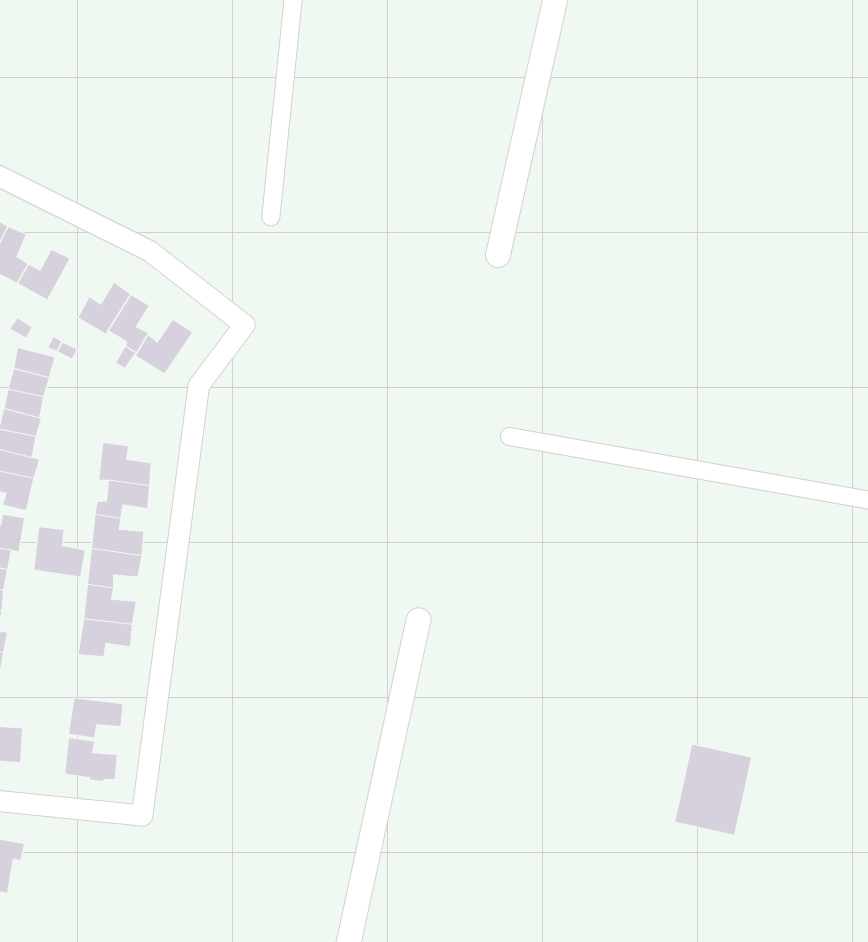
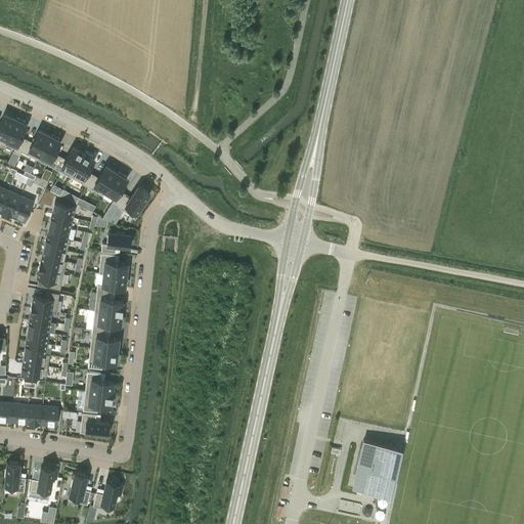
building: none -> [71,154,93,185]
building: none -> [101,231,131,253]
building: [34,527,85,577] -> none
building: none -> [85,372,114,394]
building: [674,744,752,835] -> [354,441,396,490]
building: none -> [68,473,91,505]
building: none -> [93,481,123,511]

